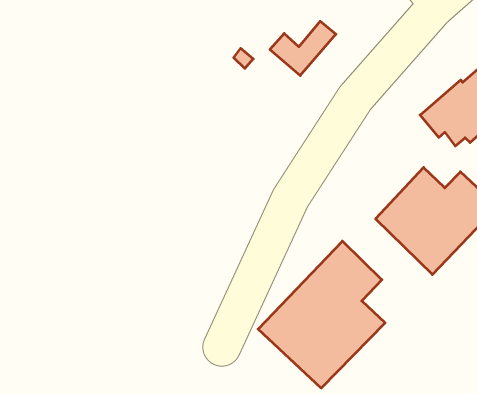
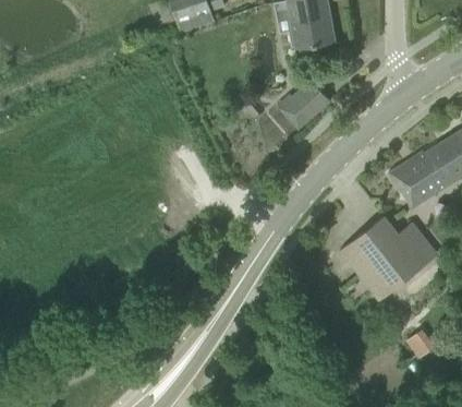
building: [258,241,385,388] -> none

